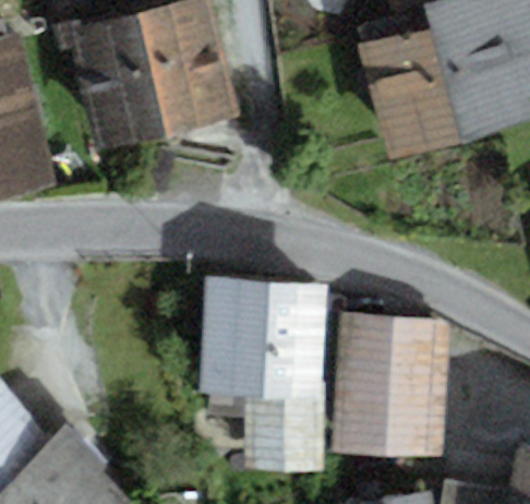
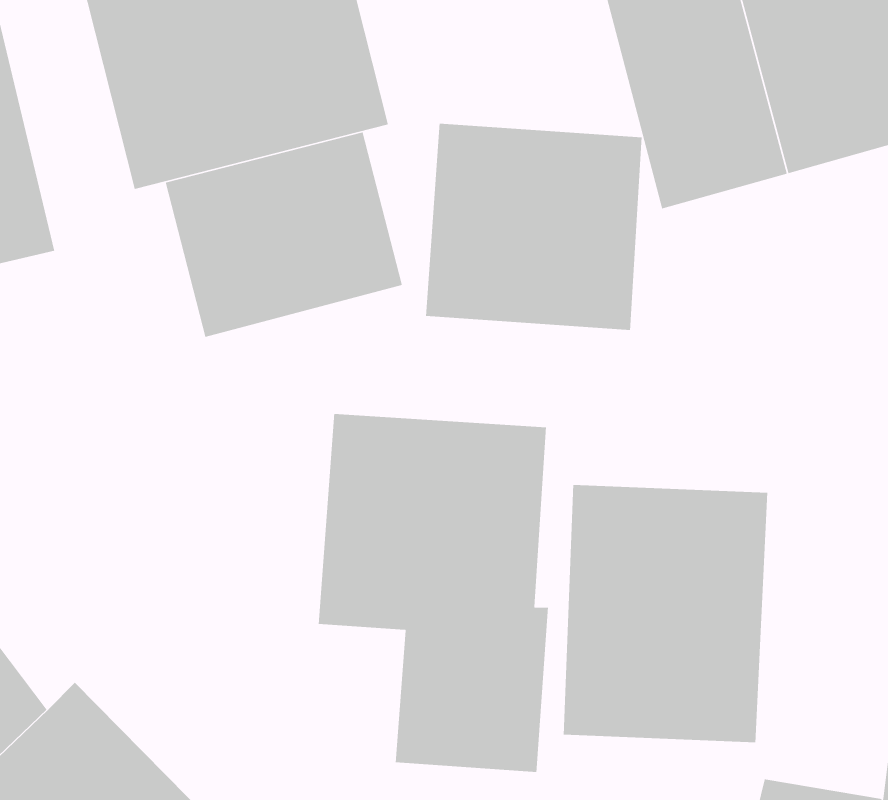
building: none -> [425,123,642,331]
building: none -> [165,131,403,338]

